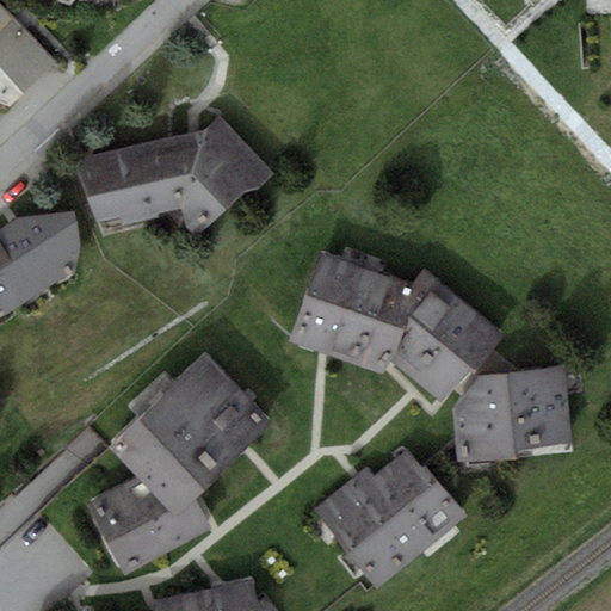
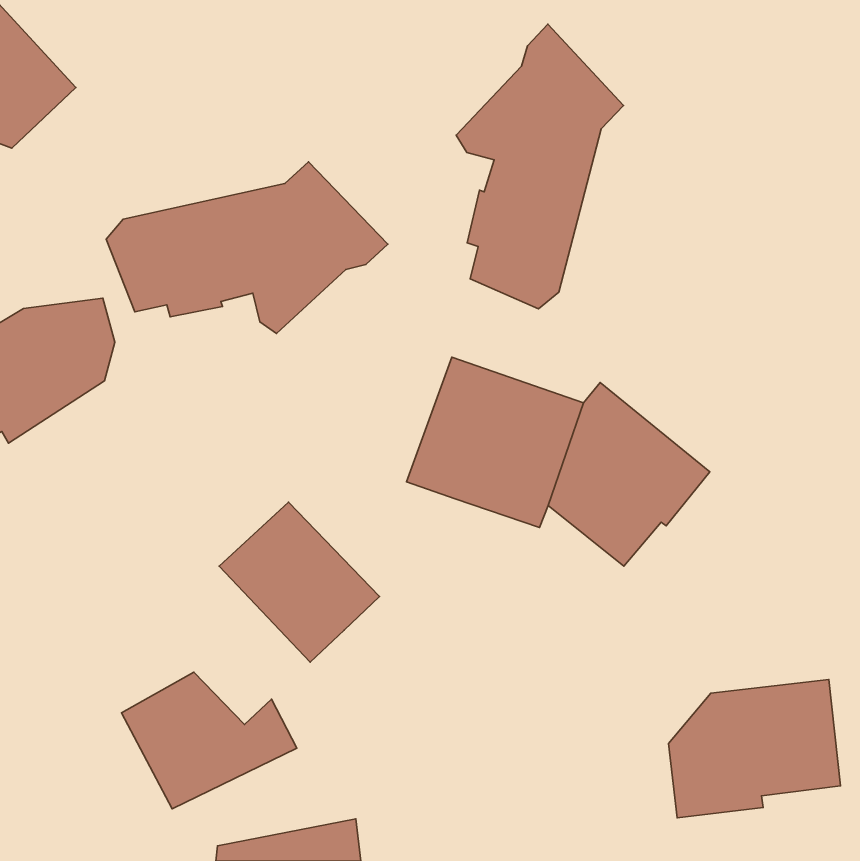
building: none -> [456,24,624,309]
building: [450,365,572,463] -> [669,680,841,818]
building: [109,401,220,513] -> none
building: [313,450,467,588] -> none

